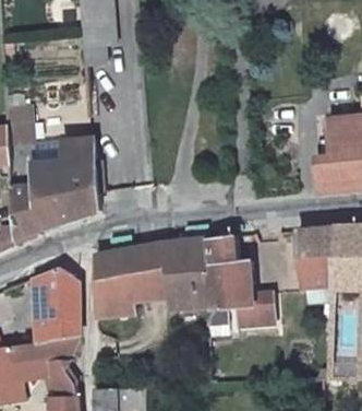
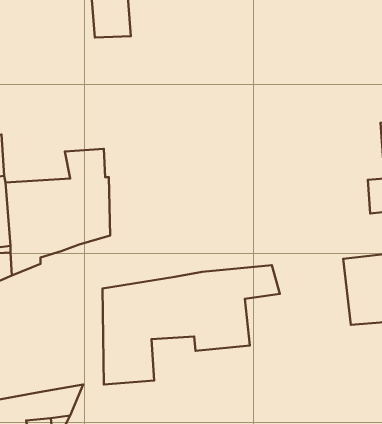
building: [209,259,275,330] -> none
building: [33,265,76,343] -> none

